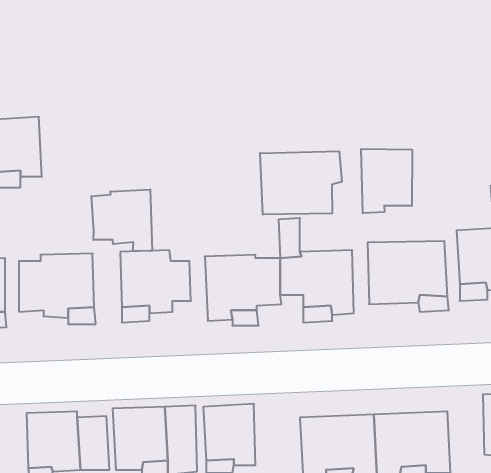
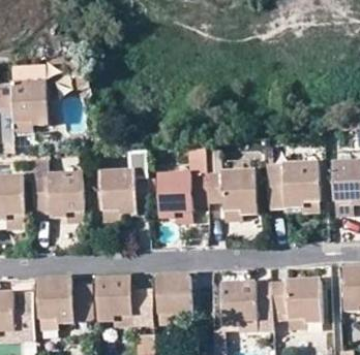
building: [361,149,412,213] -> none
building: [260,151,342,215] -> none
building: [91,189,152,251] -> none

